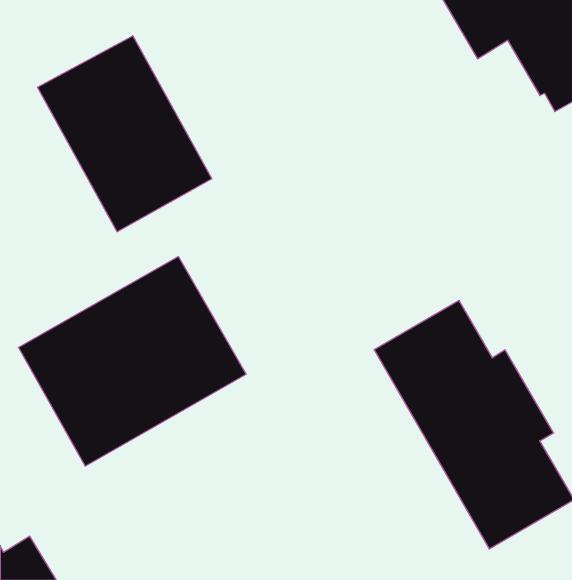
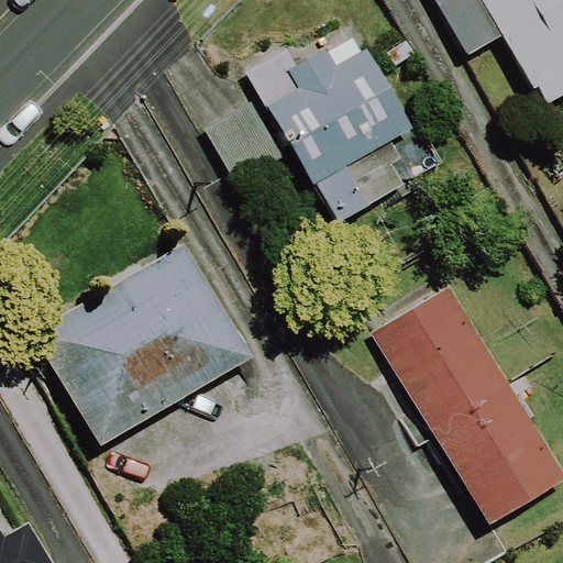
building: none -> [252,34,452,225]
building: [38,36,212,232] -> none

